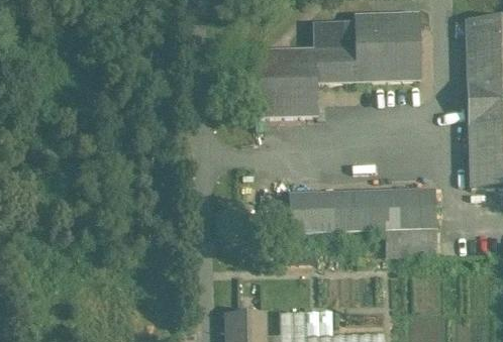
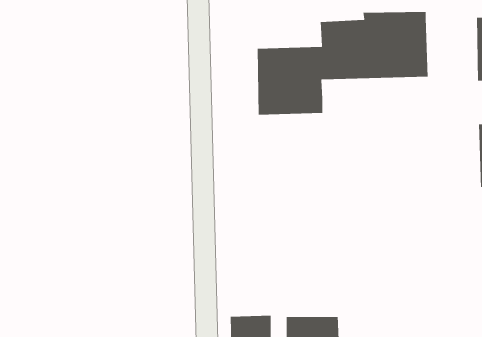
building: [289,188,435,253] -> none

